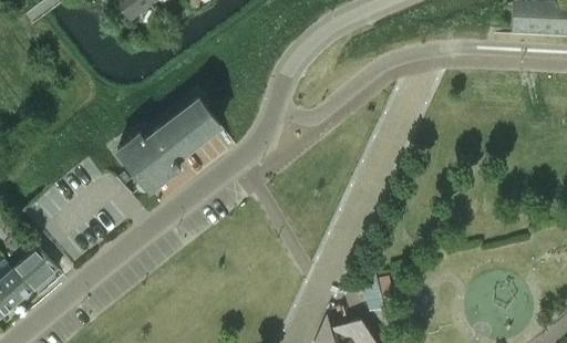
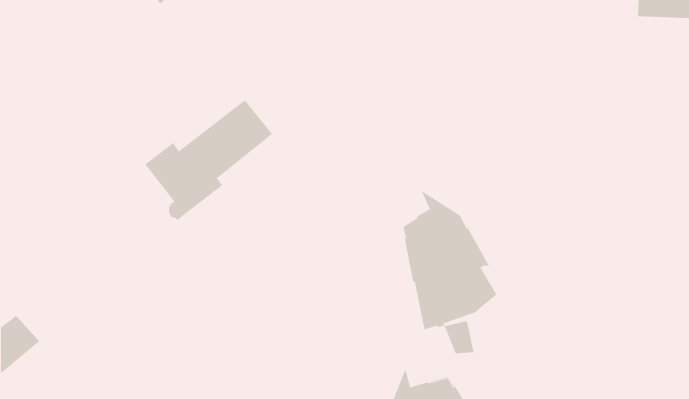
building: none -> [403,190,497,330]
building: [13,249,58,292] -> none

